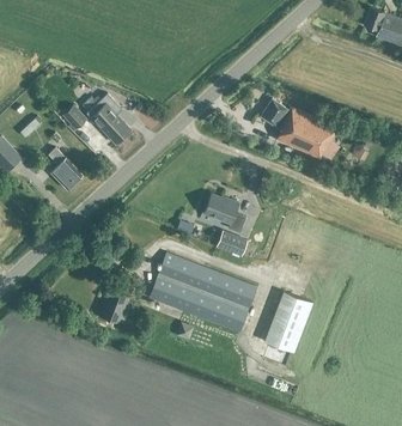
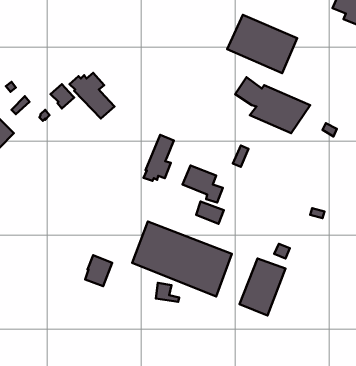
building: none -> [227,15,297,73]
building: [49,148,83,190] -> none
building: none -> [144,135,174,181]

